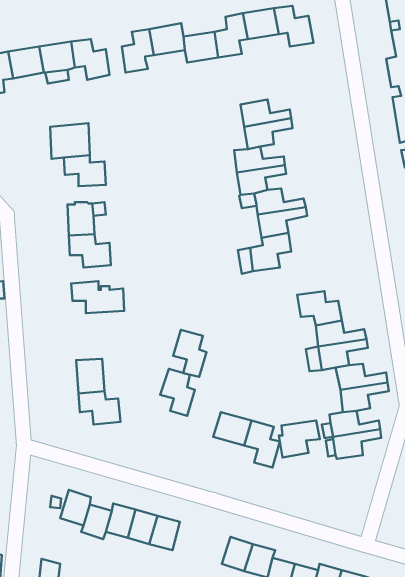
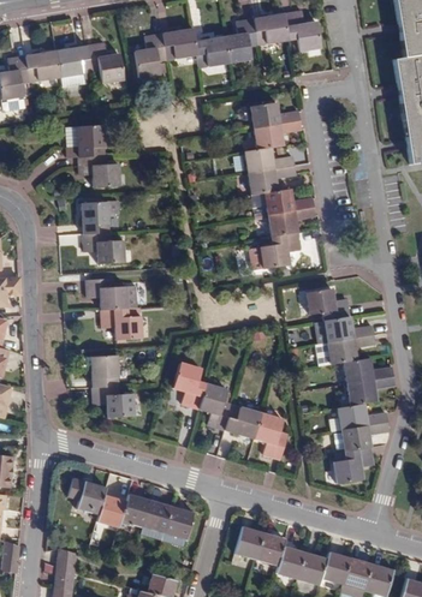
building: none -> [102,306,144,340]
building: [173,330,207,377] -> [201,383,233,429]
building: [279,421,320,458] -> [335,447,375,483]

